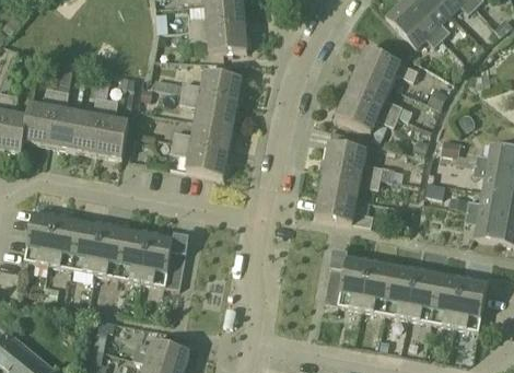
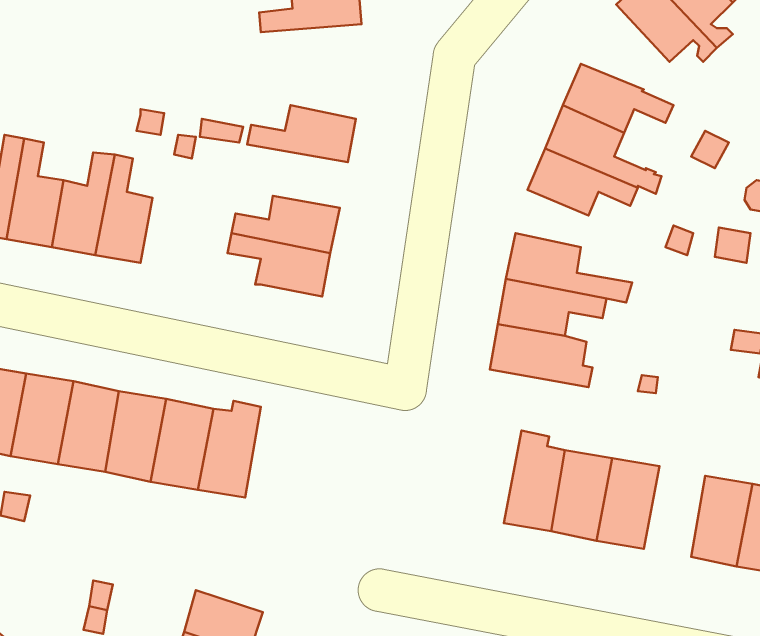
building: [189,24,247,53] -> none
building: [180,91,237,126] -> none
building: [401,269,435,319] -> none

